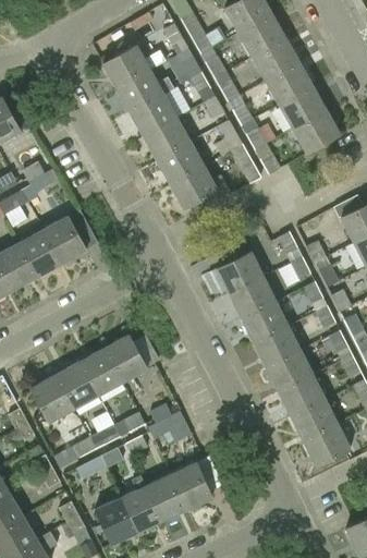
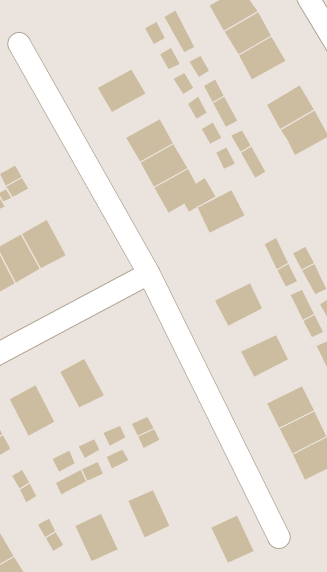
building: [103,45,150,88] -> none
building: [266,62,313,105] -> none
building: [131,94,178,136] -> none
building: [218,251,265,293] -> [197,190,245,234]
building: [243,301,290,342] -> none
building: [105,336,149,385] -> none
building: [268,350,315,392] -> none
building: [58,362,99,410] -> none
building: [171,463,213,510] -> [210,515,254,564]
building: [121,476,162,533] -> none

